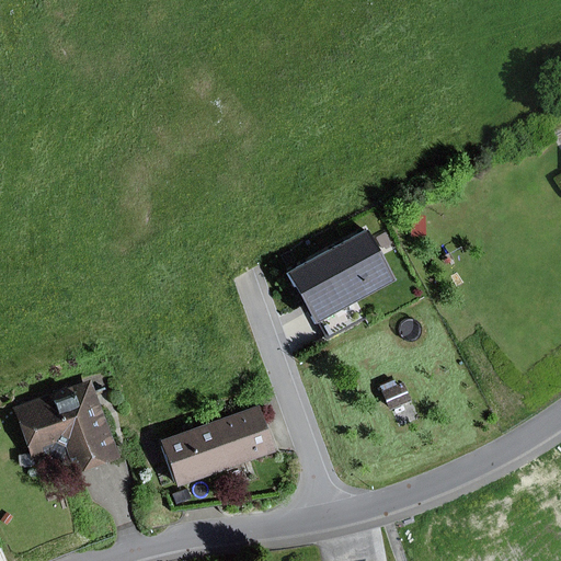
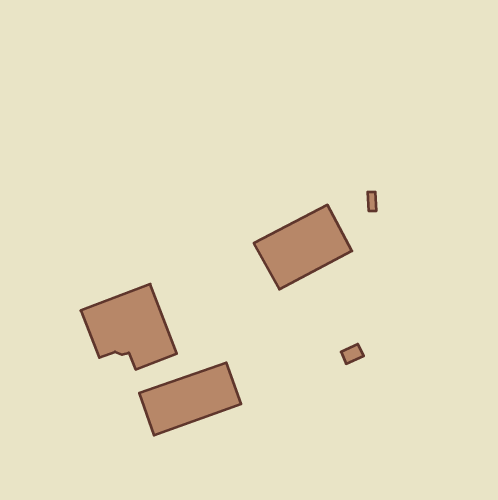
building: [12,379,119,474] -> [81,284,177,369]

